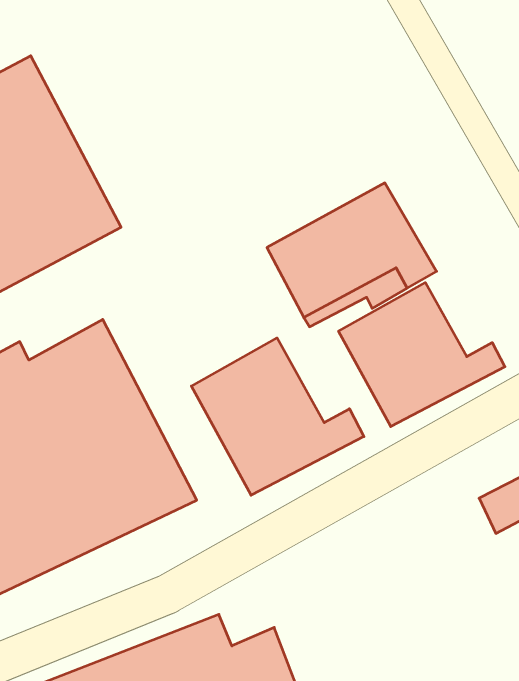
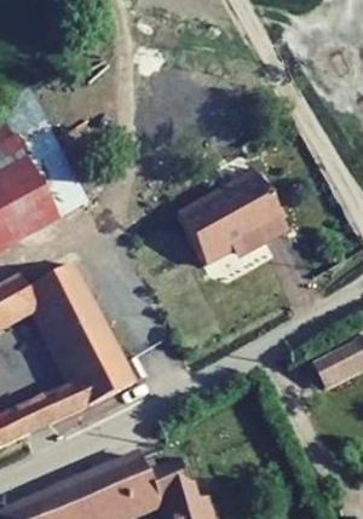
building: [339,283,505,427] -> none
building: [191,338,364,495] -> none

